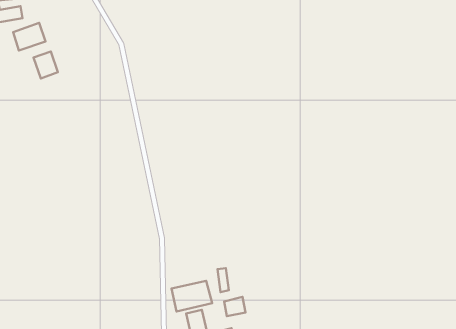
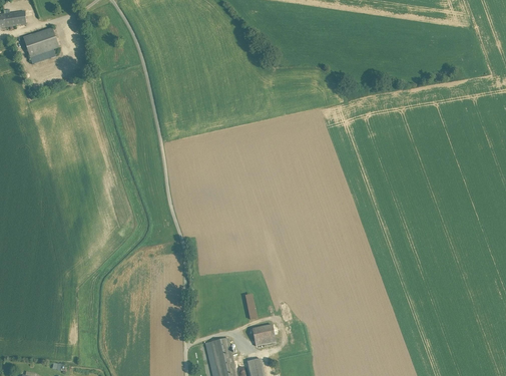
building: [33,51,58,79] -> none
building: [171,281,212,311] -> none

